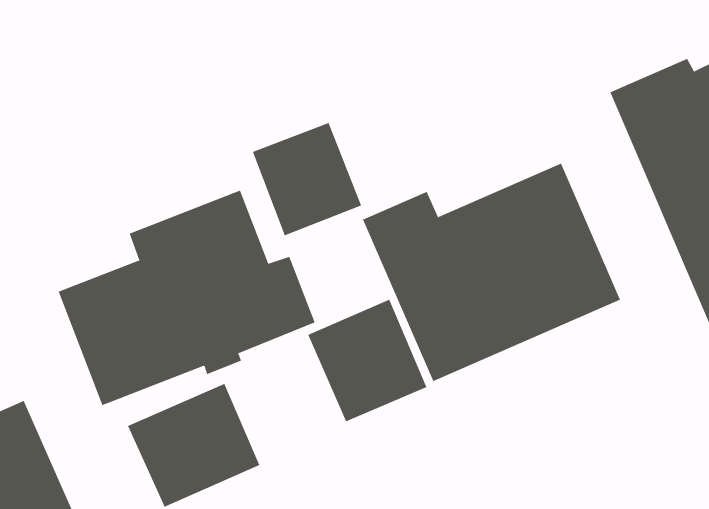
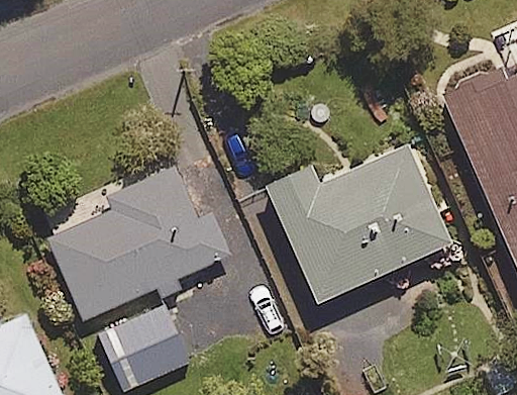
building: [252,122,362,236] -> none
building: [307,299,427,422] -> none

